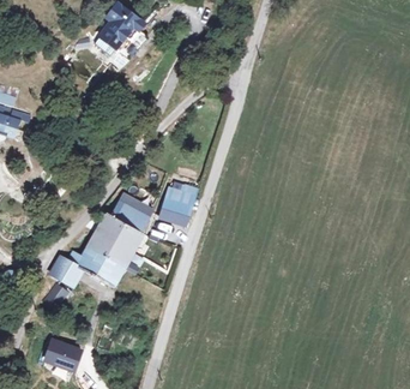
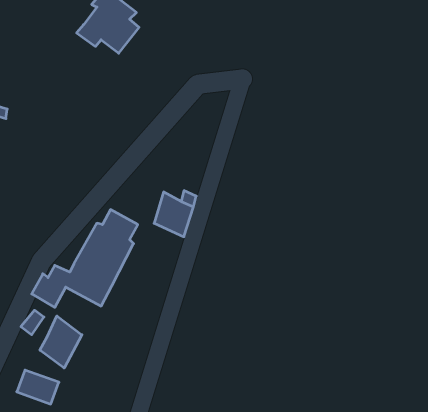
building: none -> [40,316,82,368]

